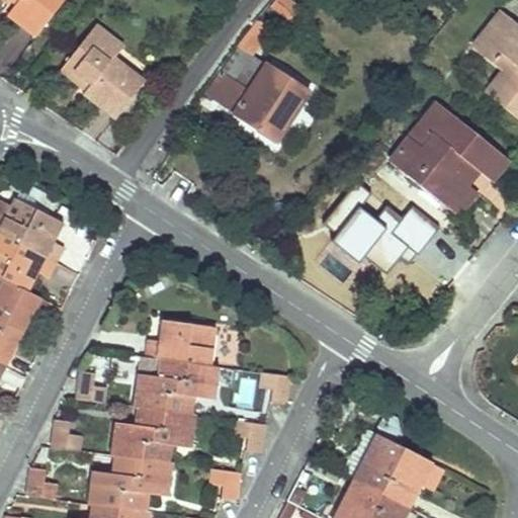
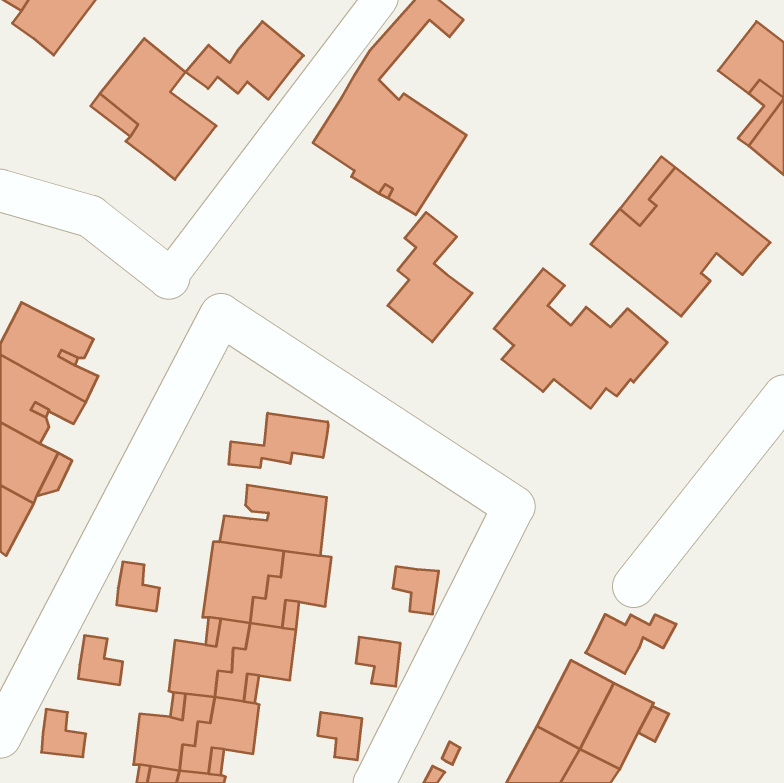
building: none -> [186,21,304,99]
building: none -> [388,212,472,342]
building: [449,167,490,218] -> none
building: none -> [229,413,328,468]
building: none -> [585,614,676,674]

